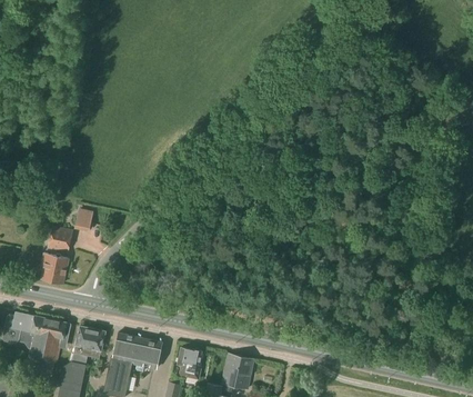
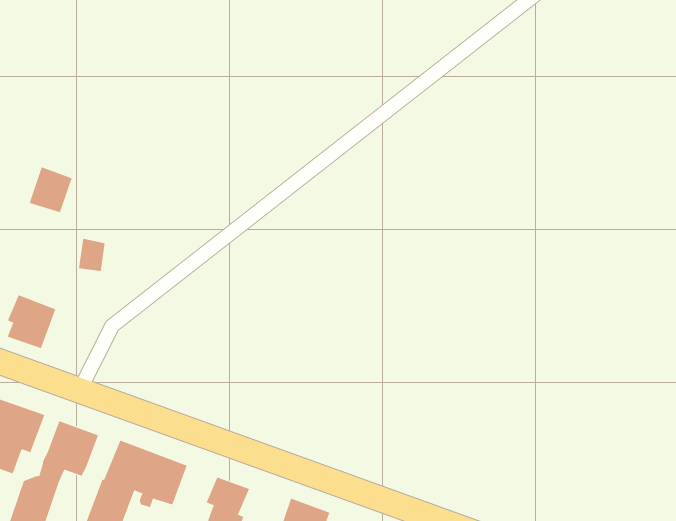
building: [48,226,72,252] -> [29,167,72,213]

